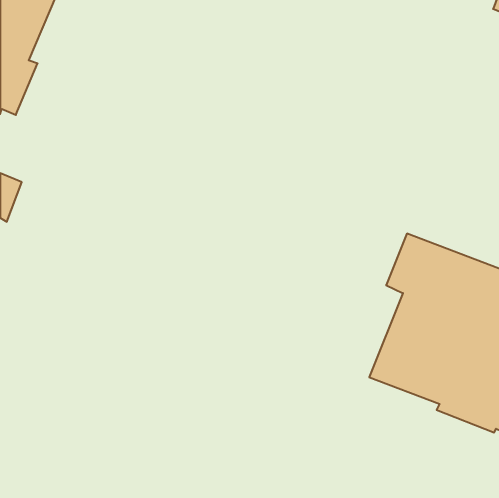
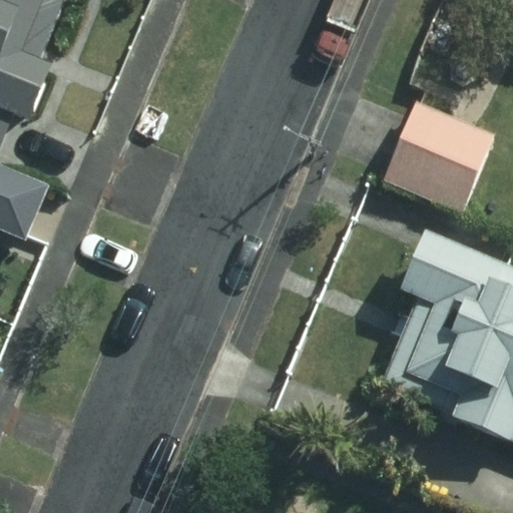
building: none -> [386,101,496,211]

